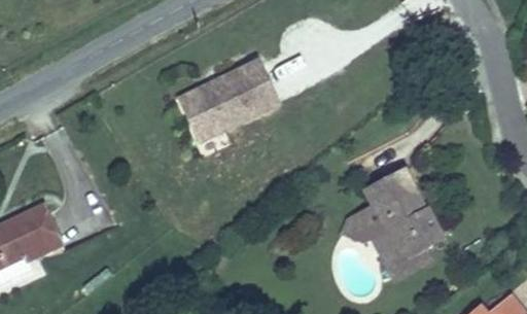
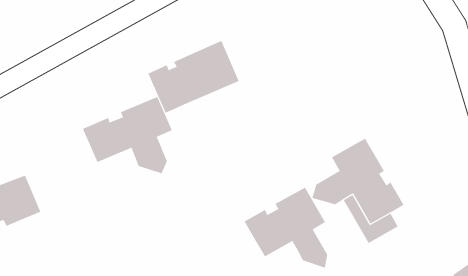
building: none -> [82,96,173,174]
building: none -> [244,187,328,268]

